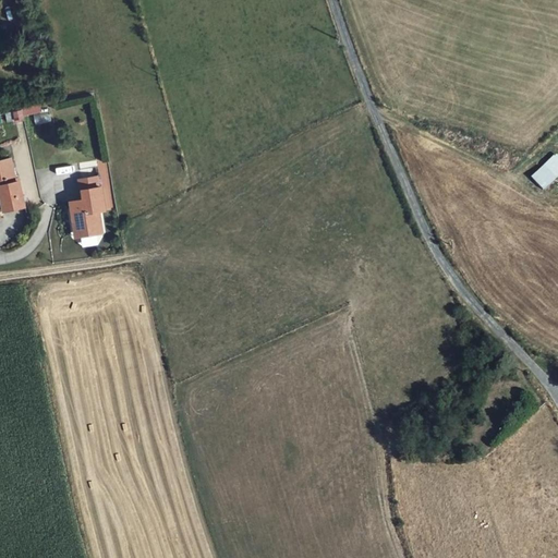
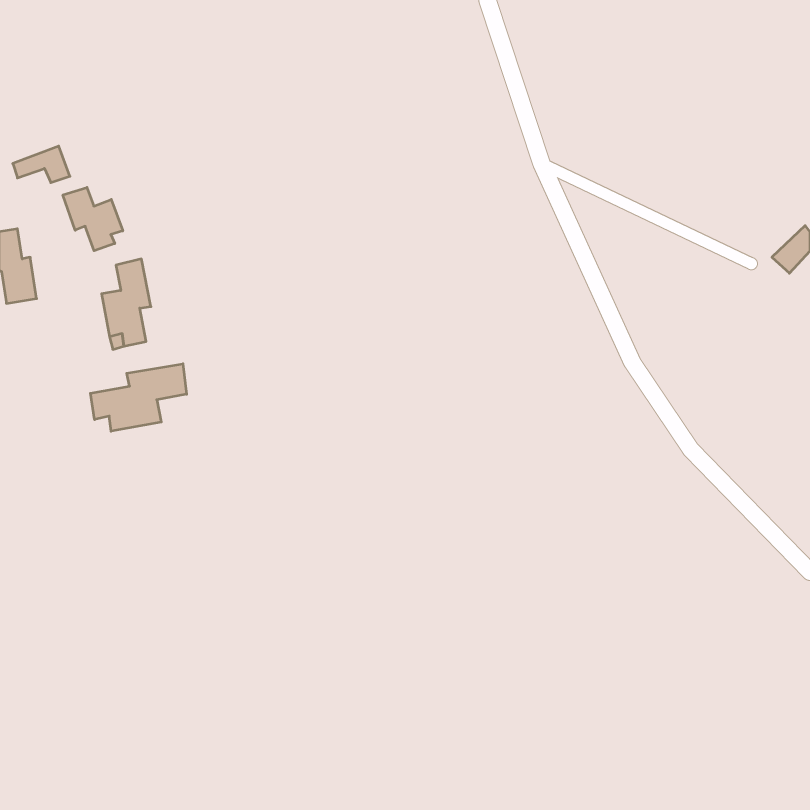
building: none -> [63,187,123,251]
building: none -> [90,364,187,431]

